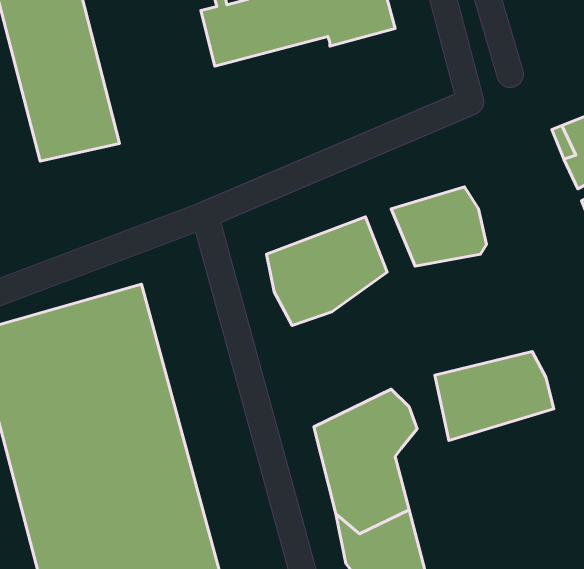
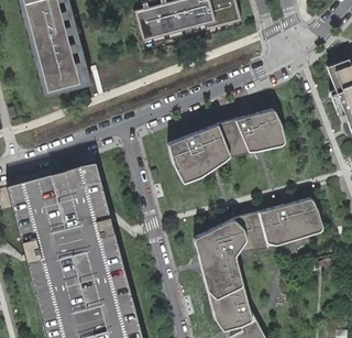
building: none -> [223,119,251,154]
building: none -> [238,211,270,252]

